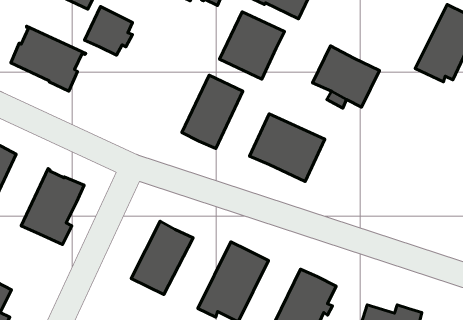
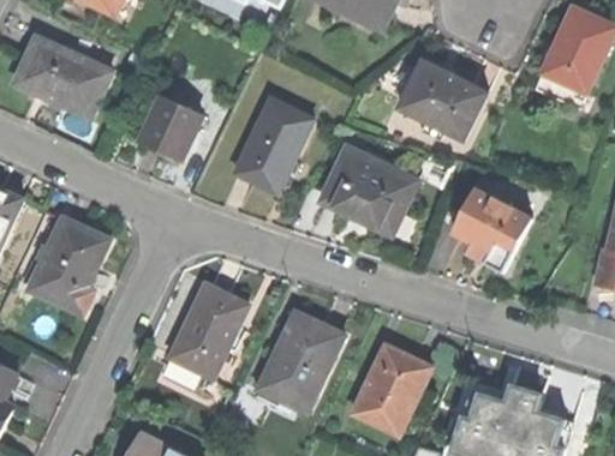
building: [84,6,132,55] -> [139,96,201,158]
building: [219,12,285,79] -> none
building: none -> [452,188,530,271]

